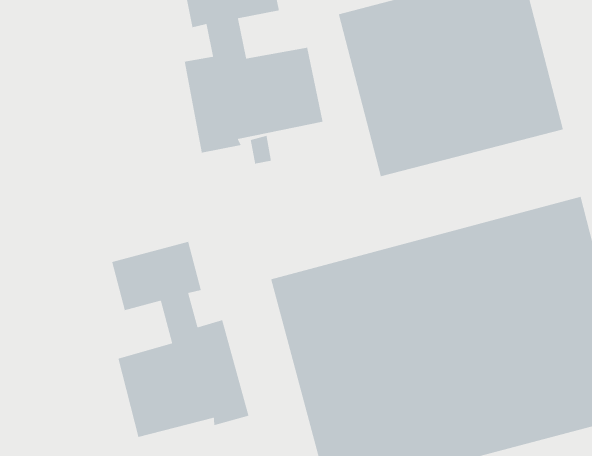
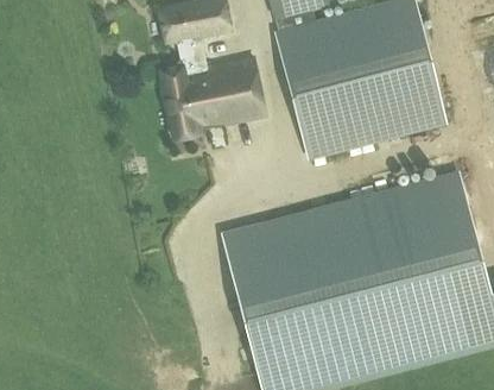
building: [111,241,249,438] -> none

